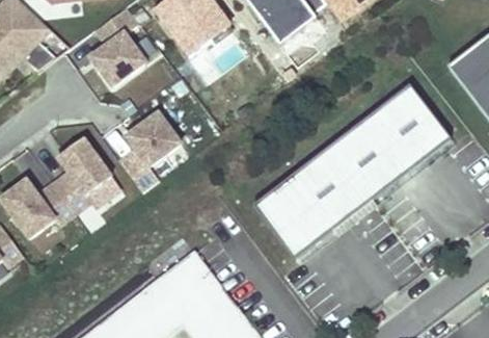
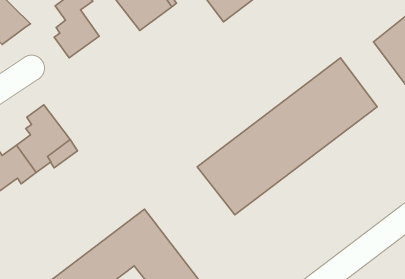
building: [120,111,181,190] -> none

